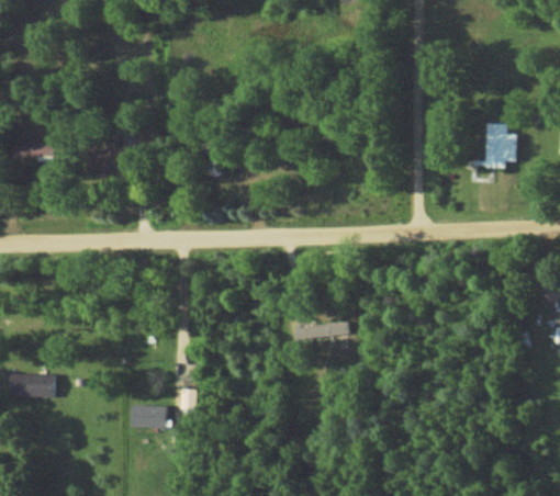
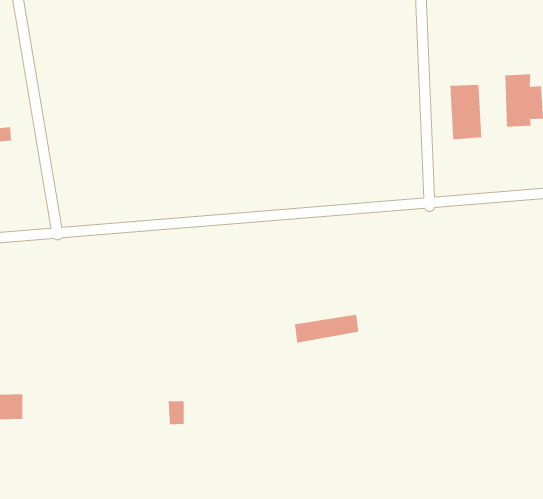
building: none -> [450,84,482,140]
building: [133,405,168,428] -> none

